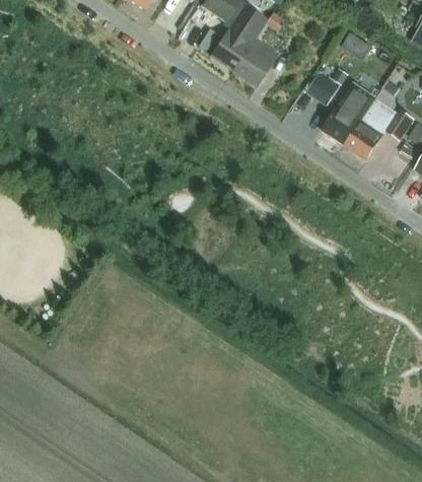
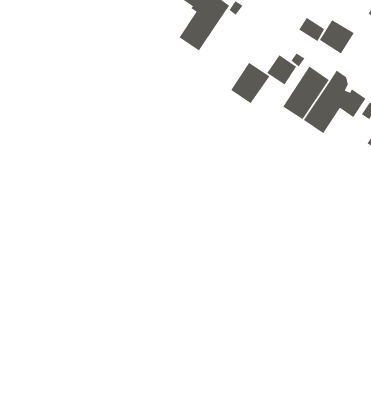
building: none -> [319,19,355,54]
building: [234,39,278,84] -> [230,62,271,104]

